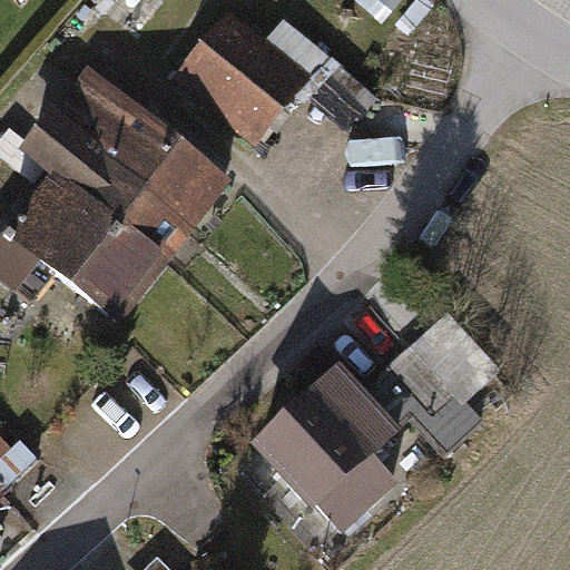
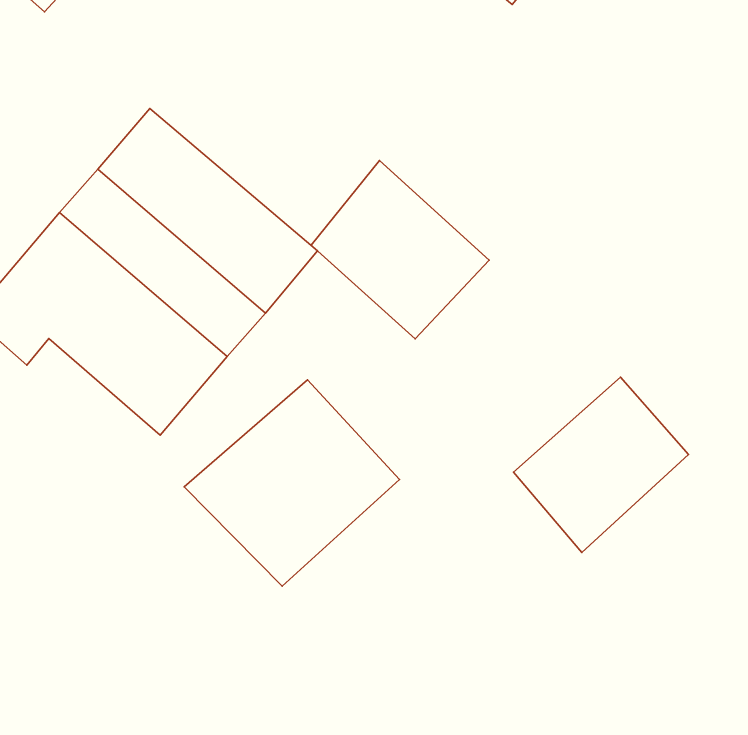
building: [176,9,309,142] -> [311,161,489,339]
building: [246,362,407,517] -> [184,380,399,586]

